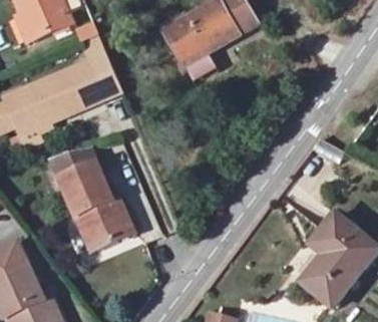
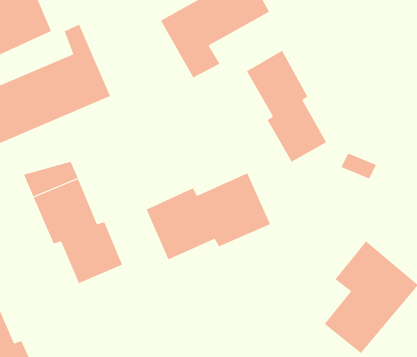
building: none -> [246,50,327,162]
building: none -> [146,172,271,260]

